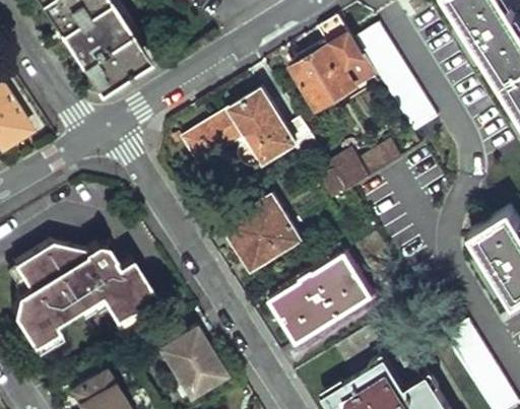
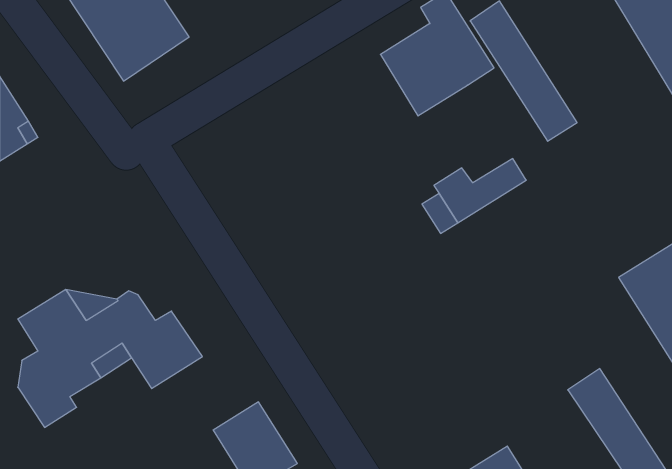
building: [185,90,319,165] -> none
building: [224,198,304,274] -> none
building: [271,255,372,344] -> none

